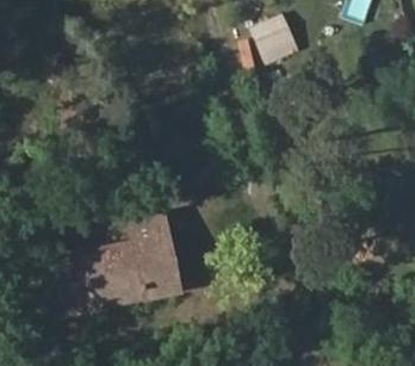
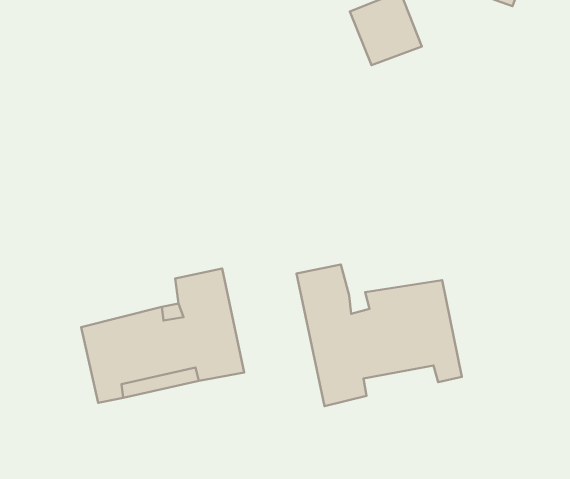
building: none -> [297,264,462,406]

